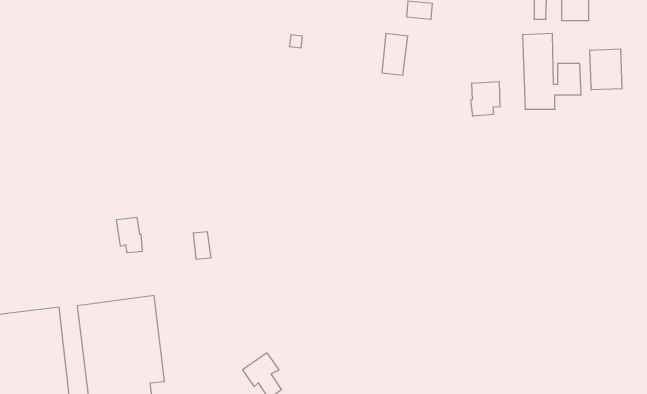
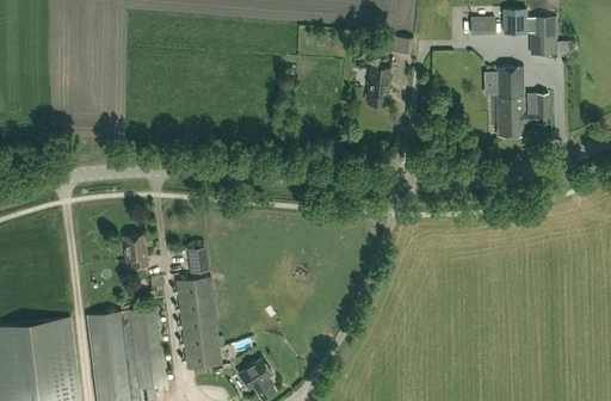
building: [590,49,622,90] -> none
building: [471,82,500,116] -> none
building: none -> [177,278,221,370]

